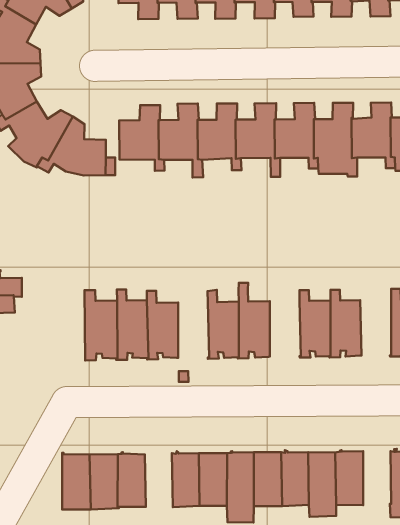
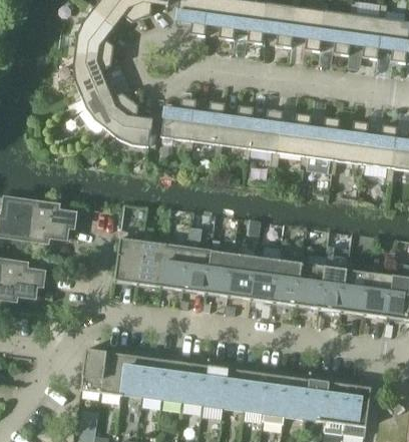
building: none -> [319,259,348,311]
building: none -> [182,241,212,293]
building: none -> [251,250,280,302]
building: none -> [305,379,331,421]
building: none -> [143,358,168,400]

